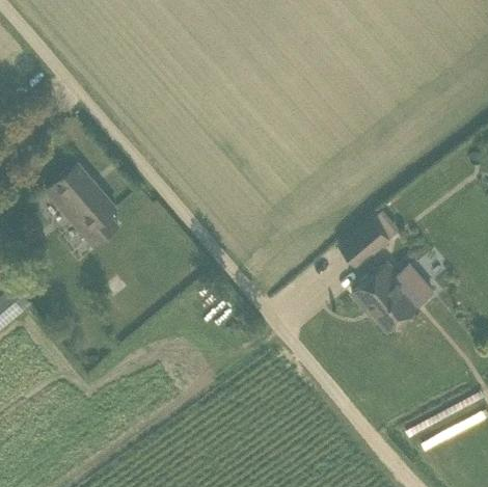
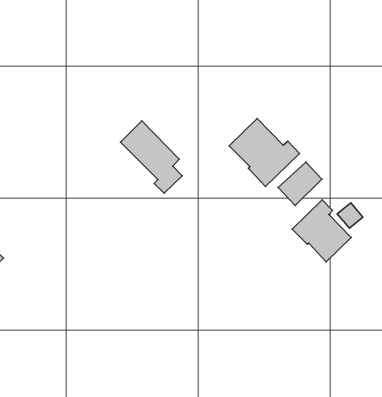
building: [53,165,118,246] -> [120,121,182,193]
building: none -> [229,119,300,187]

